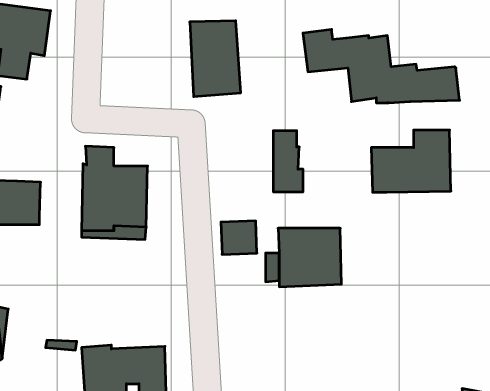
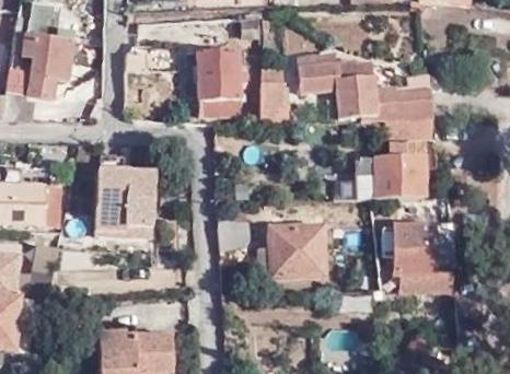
building: none -> [389,116,436,139]
building: [273,131,303,192] -> [258,68,285,121]
building: none -> [390,222,453,290]

